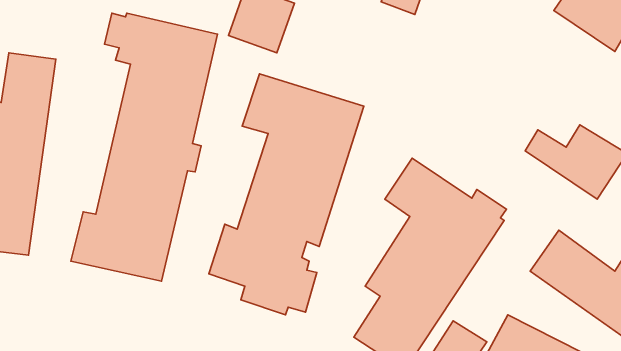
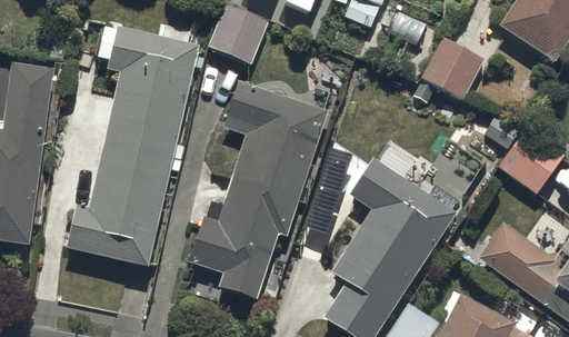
building: none -> [420,36,483,97]

